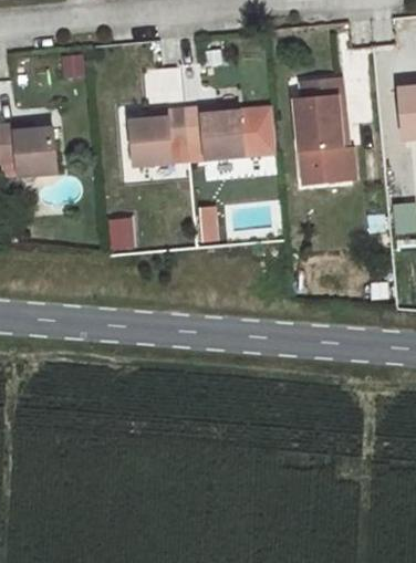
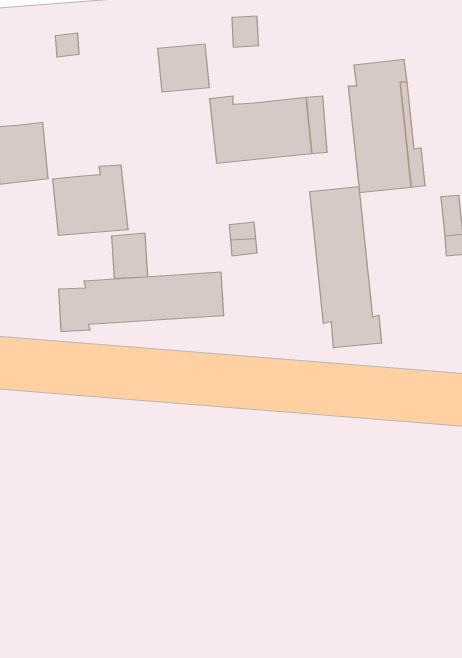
building: [129,110,189,165] -> [53,165,128,235]
building: none -> [310,187,381,348]
building: none -> [59,272,224,332]

